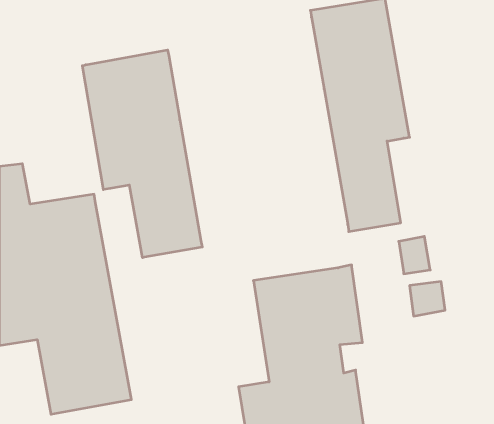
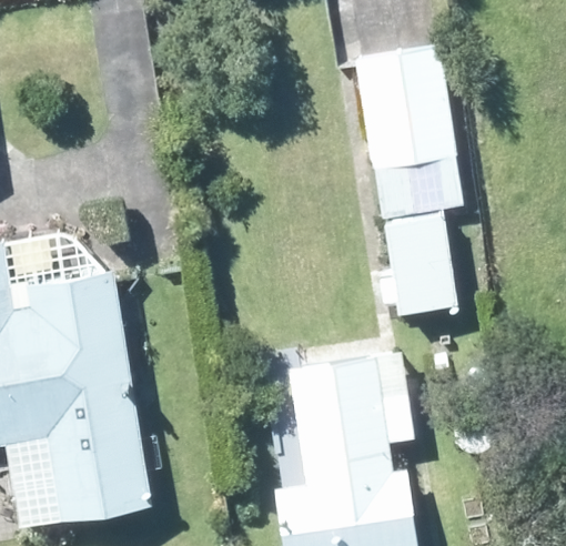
building: [82,50,202,258] -> none

